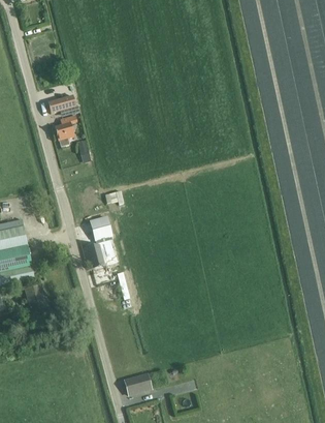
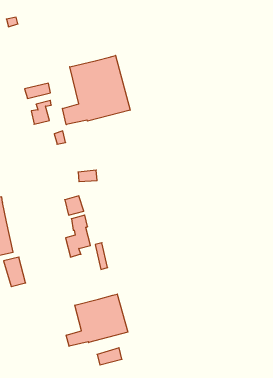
building: none -> [62,55,130,125]
building: none -> [66,294,128,346]

